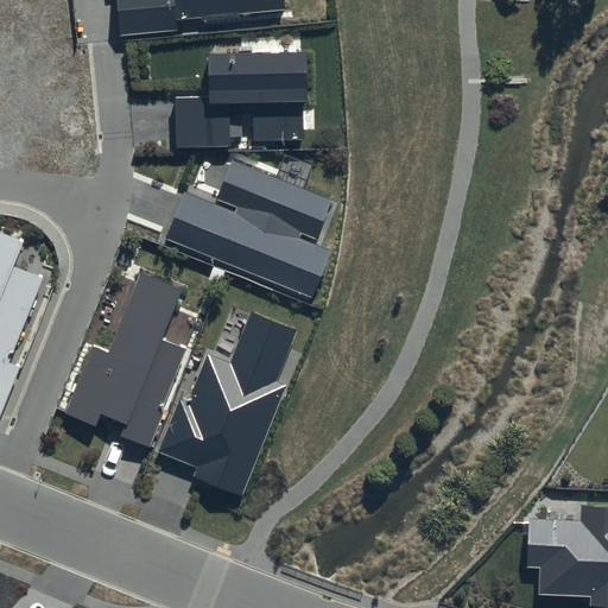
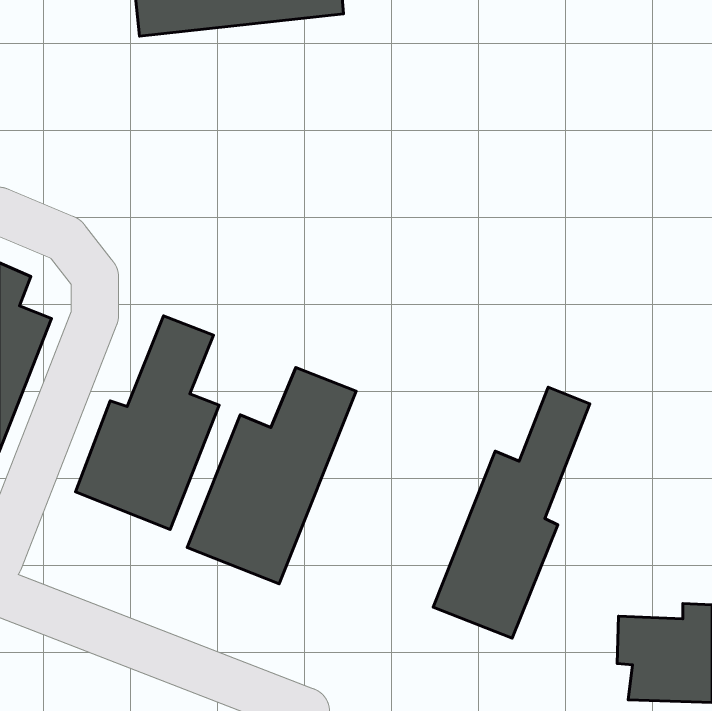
building: [170,49,310,150] -> none
building: [163,159,332,296] -> none
building: none -> [433,387,590,638]

